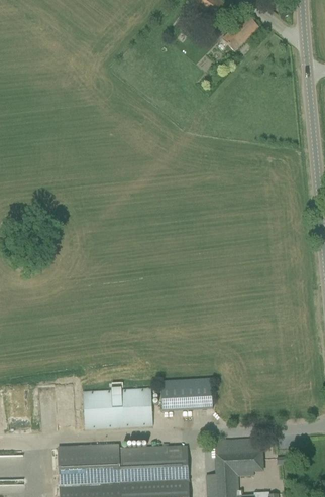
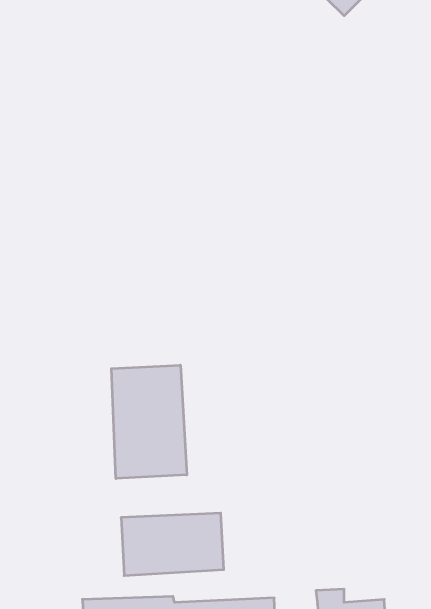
building: none -> [111,365,187,479]
building: [161,377,213,411] -> none

